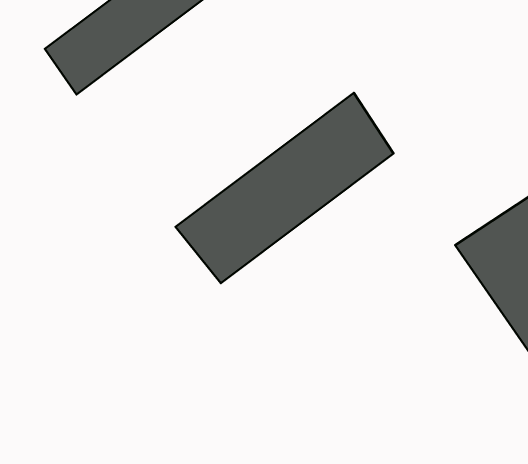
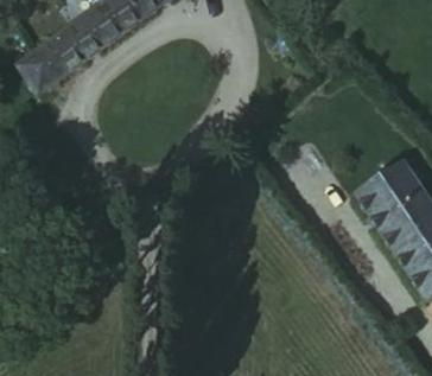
building: [175,93,393,283] -> none

